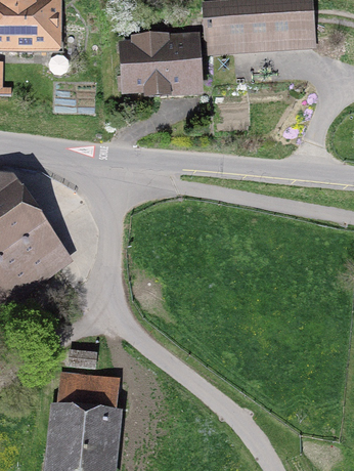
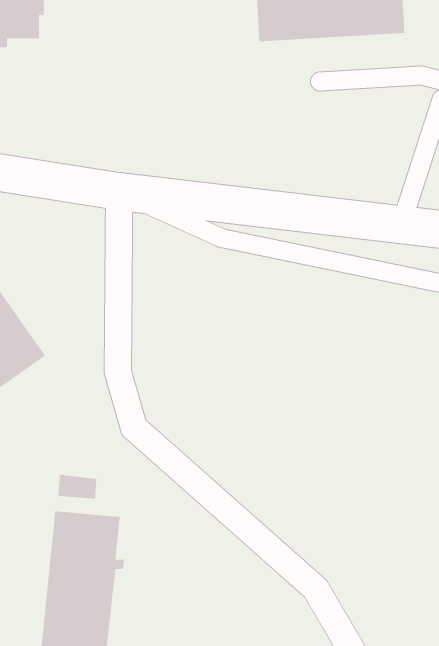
building: [118,41,196,88] -> none

